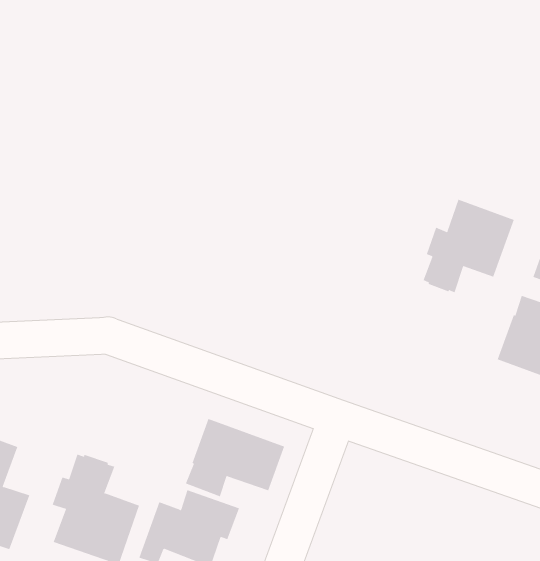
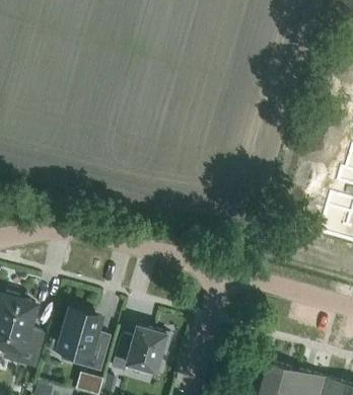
building: [423,199,515,293] -> none
building: [185,418,285,497] -> none

